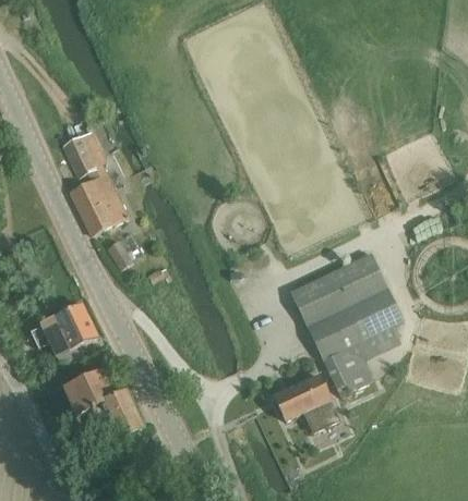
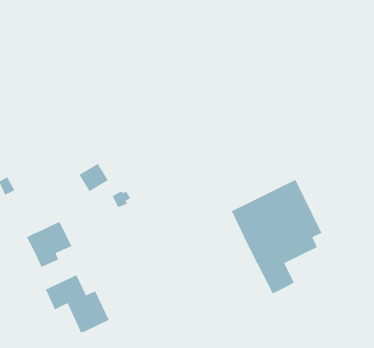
building: [61,131,127,234] -> none
building: [273,374,339,431] -> none

